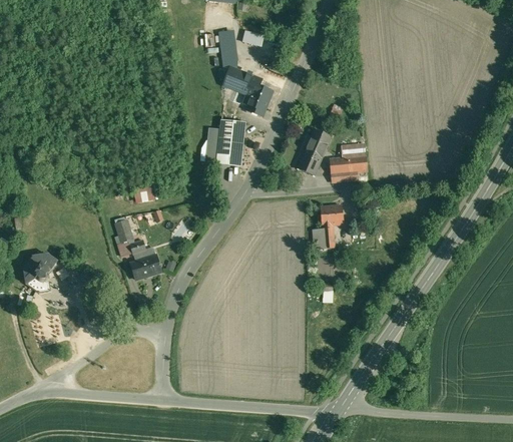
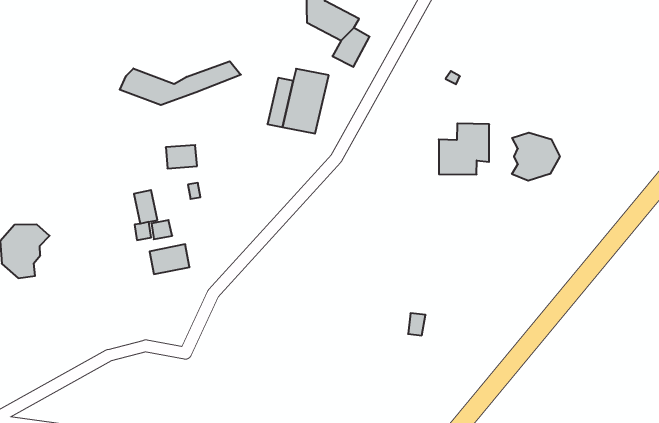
building: none -> [120,61,241,105]
building: [298,128,332,174] -> none
building: none -> [512,133,560,181]
building: [314,204,344,249] -> none

